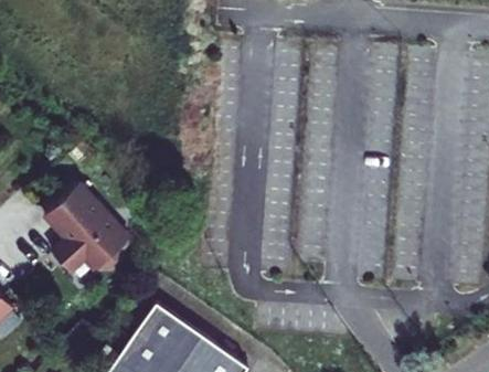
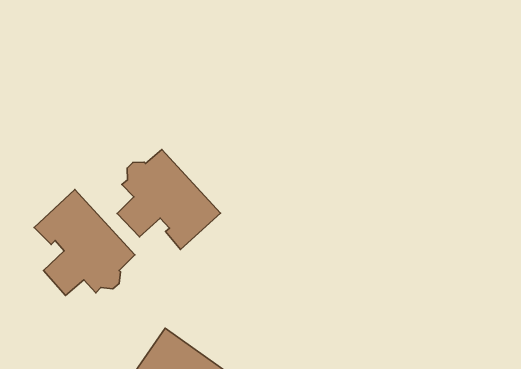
building: none -> [117,150,221,249]

